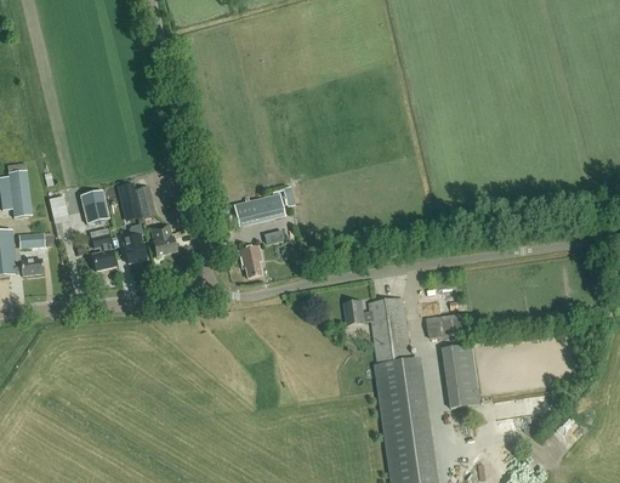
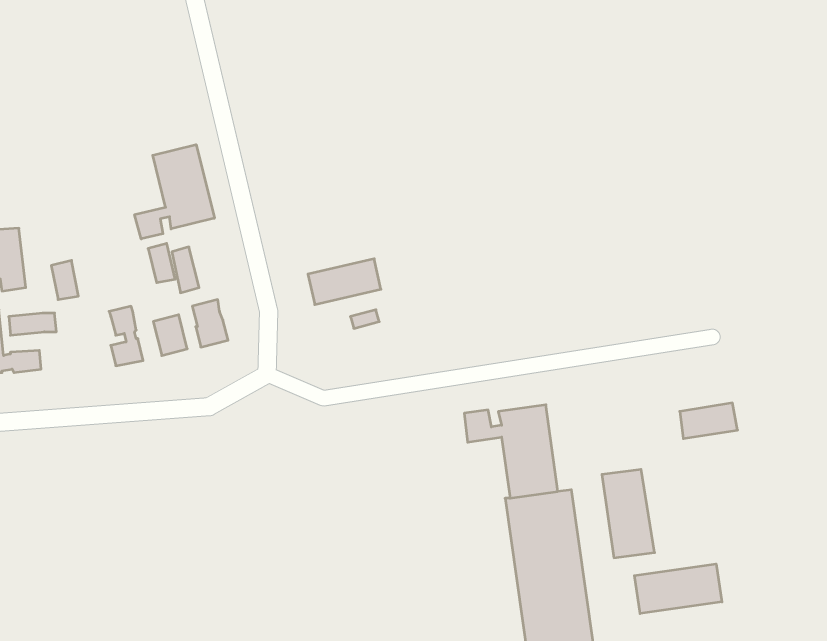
building: none -> [135,145,214,239]
building: [79,188,107,222] -> none
building: [237,244,261,277] -> none
building: [426,312,467,337] -> [680,403,738,439]
building: none -> [634,564,722,614]

